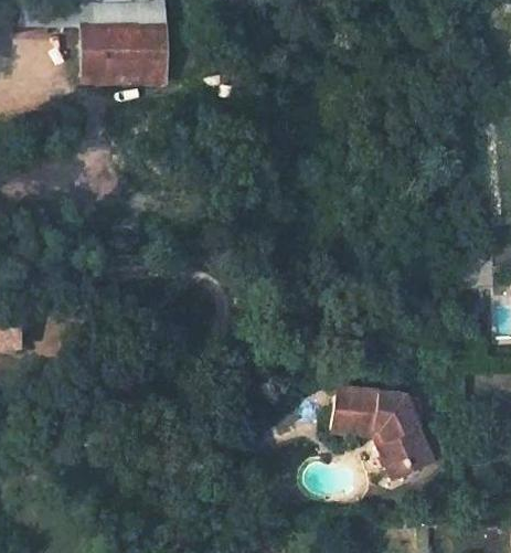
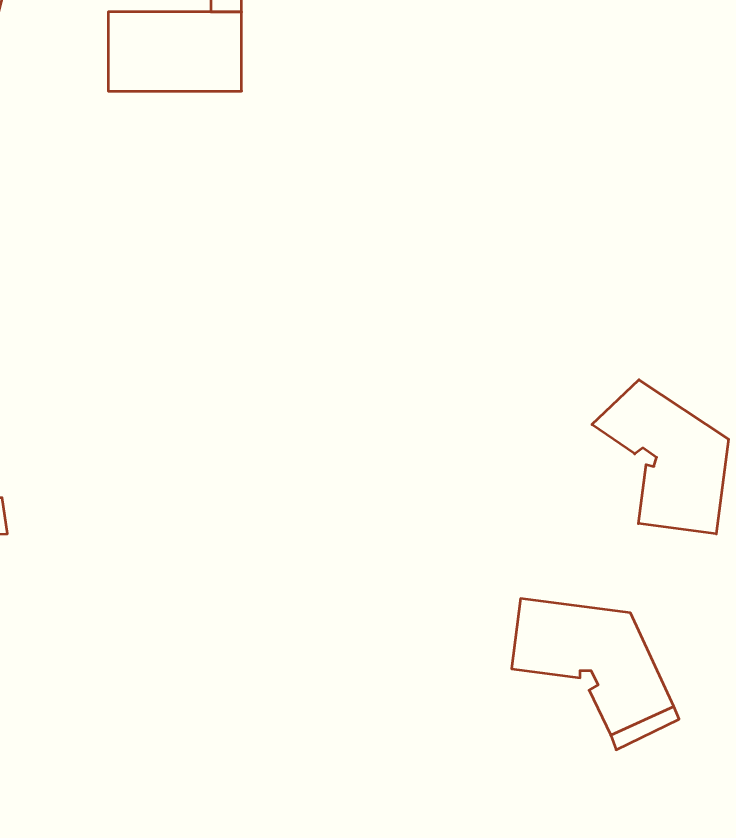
building: none -> [592,380,729,534]

